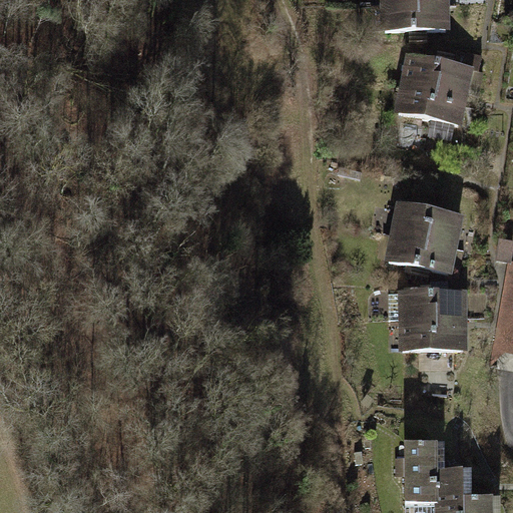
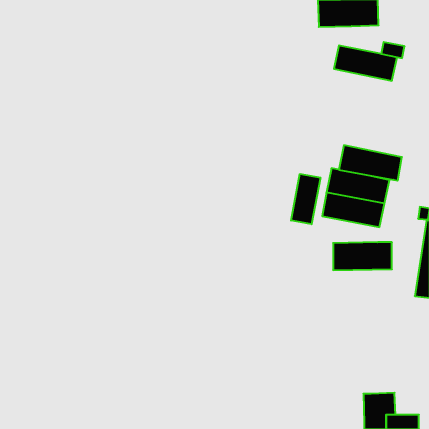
building: [393,82,468,124] -> [339,145,402,181]
building: none -> [291,174,320,224]
building: [398,321,469,354] -> none
building: [403,439,443,505] -> none

